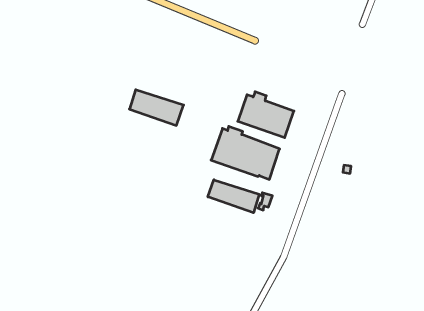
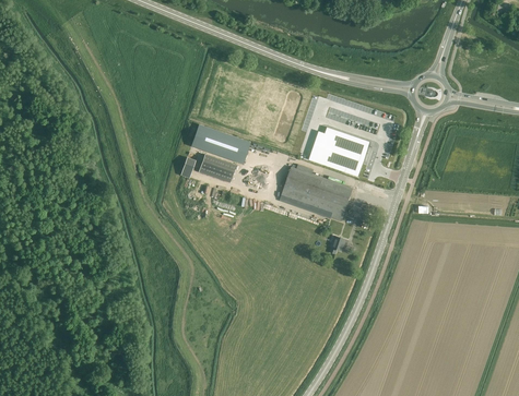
building: none -> [198,153,235,182]
building: [208,180,259,213] -> none

